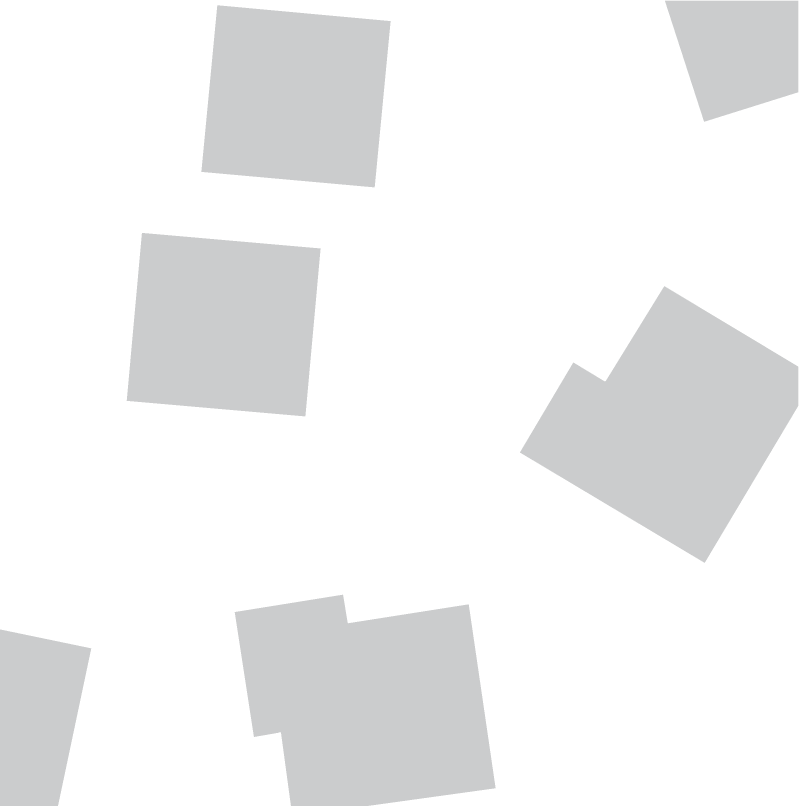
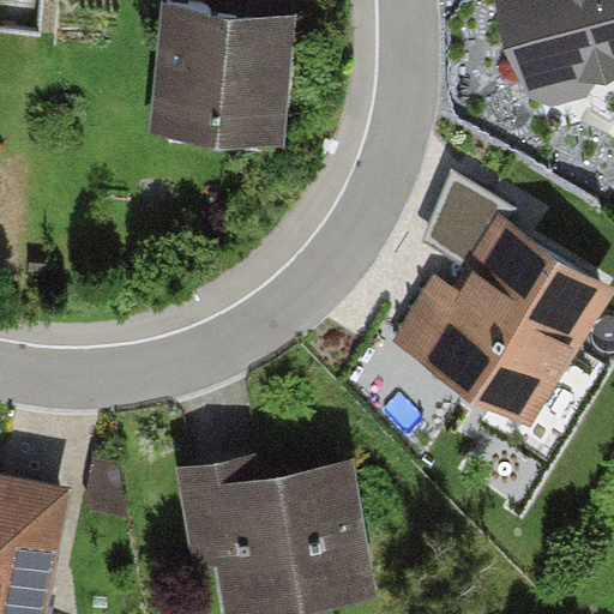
building: [126,232,321,417] -> none

